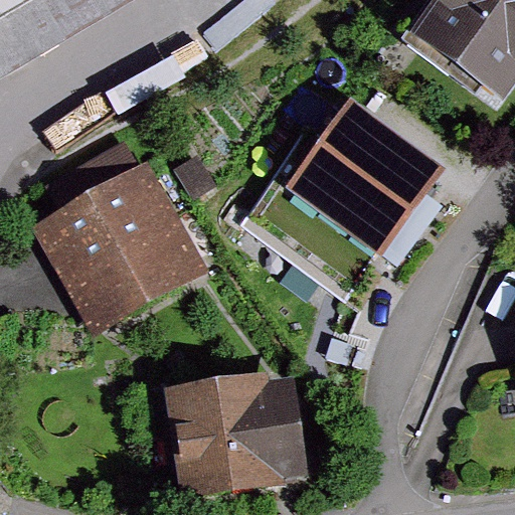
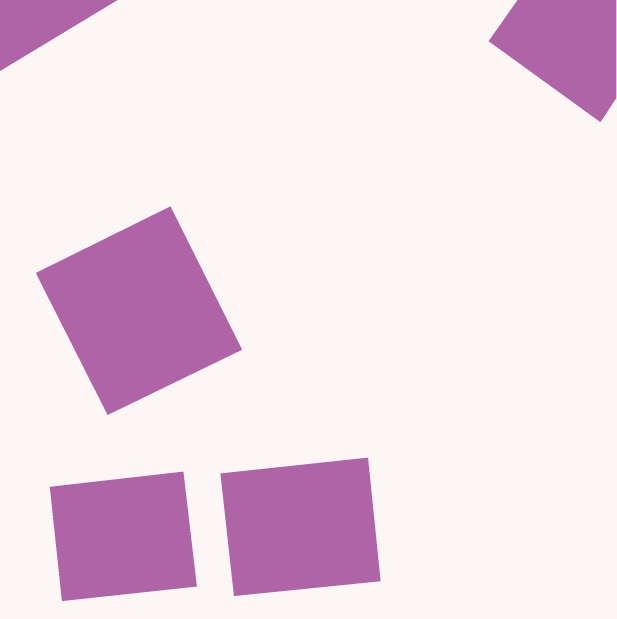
building: [290,95,452,253] -> none
building: none -> [49,471,197,602]

